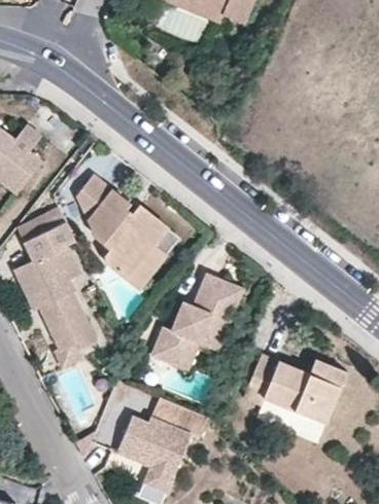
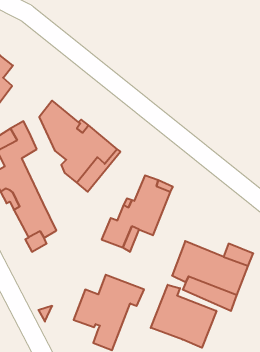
building: none -> [151,285,216,348]

